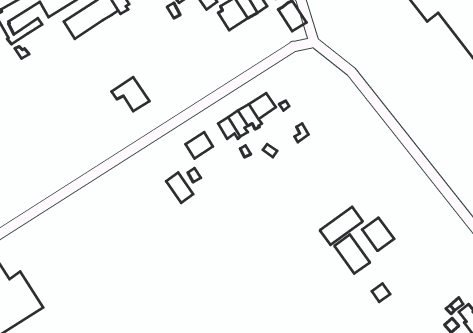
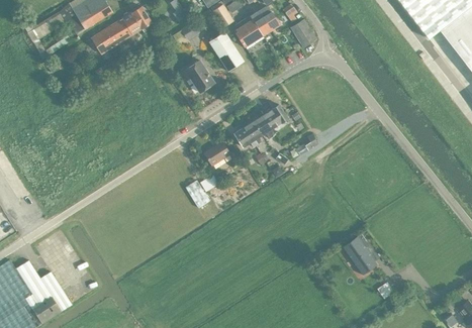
building: none -> [209,32,245,72]
building: [111,77,149,111] -> [179,61,214,92]
building: [320,207,362,245] -> none
building: [362,218,394,251] -> none

